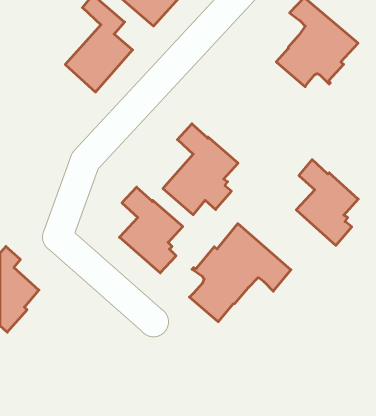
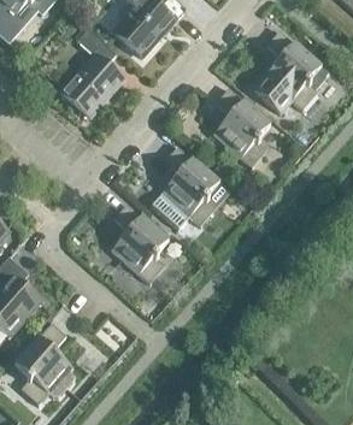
building: [296,160,358,245] -> [212,88,269,166]
building: [189,224,291,322] -> none
building: none -> [13,323,72,403]

